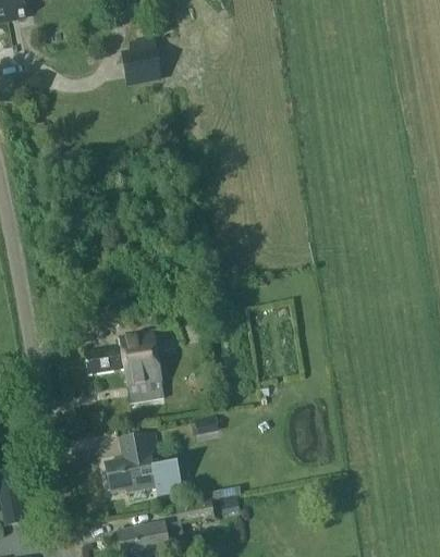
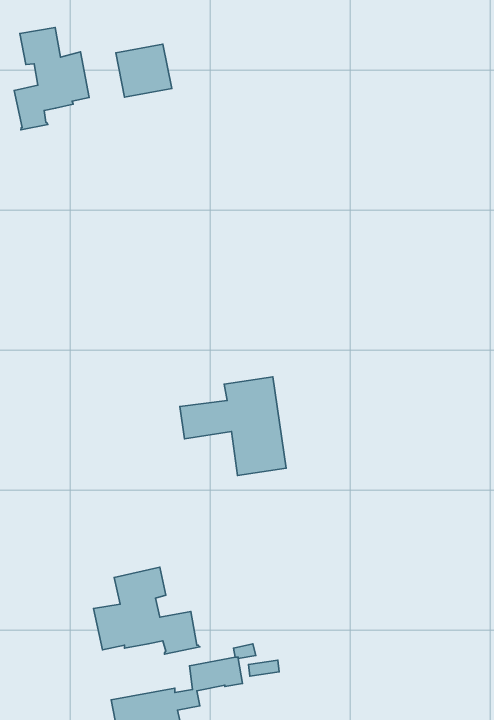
building: none -> [14,28,89,130]
building: [85,329,163,401] -> [180,377,286,476]

